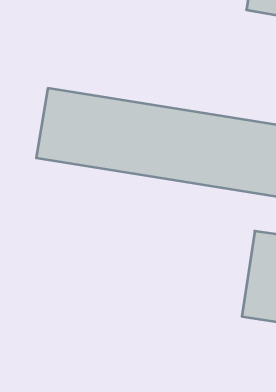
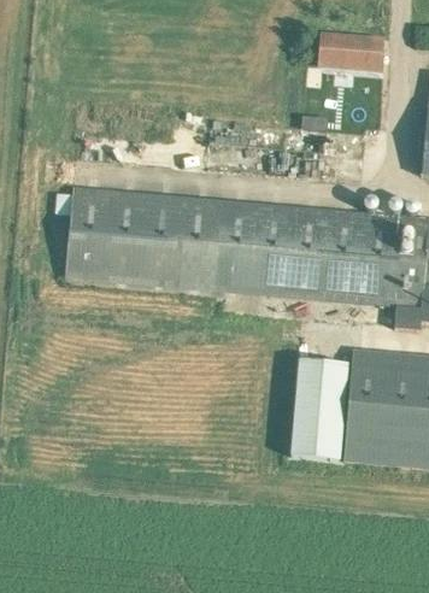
building: none -> [292,362,347,463]

